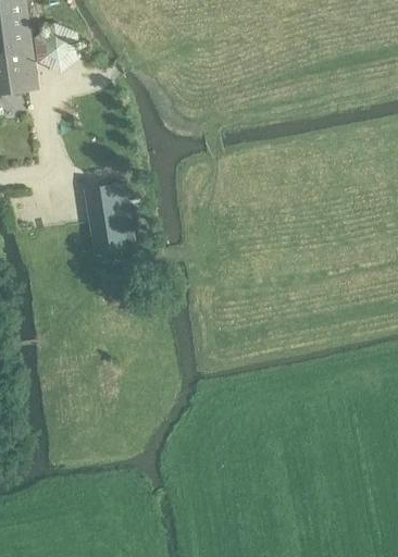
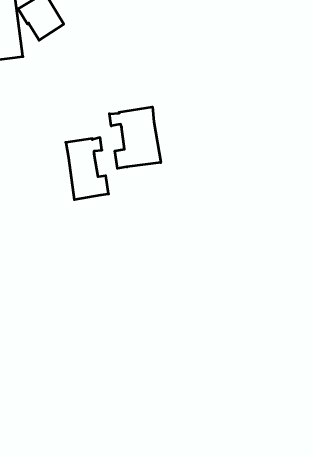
building: none -> [109,107,161,168]

